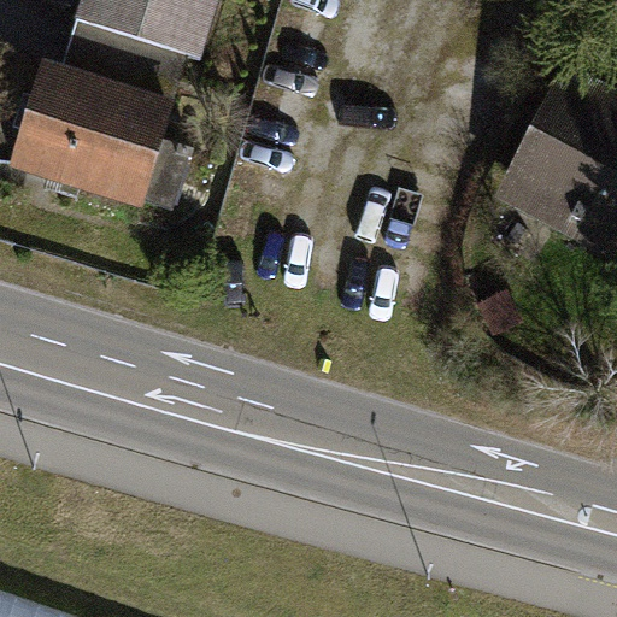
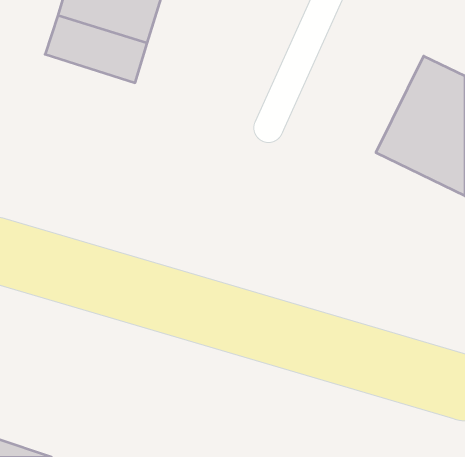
building: [7,65,177,212] -> none

